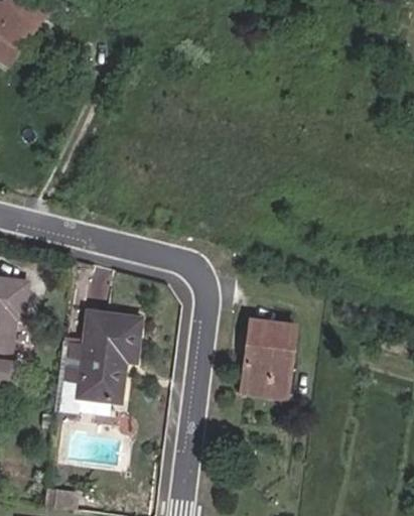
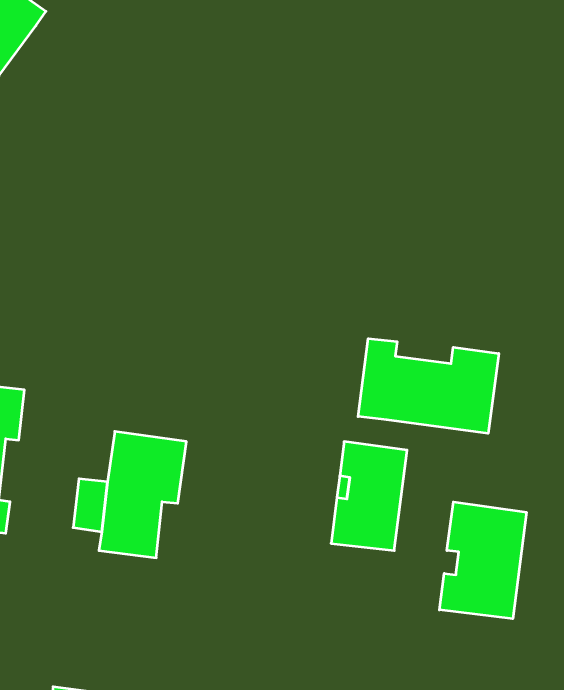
building: none -> [358,339,499,433]
building: none -> [439,502,526,619]

